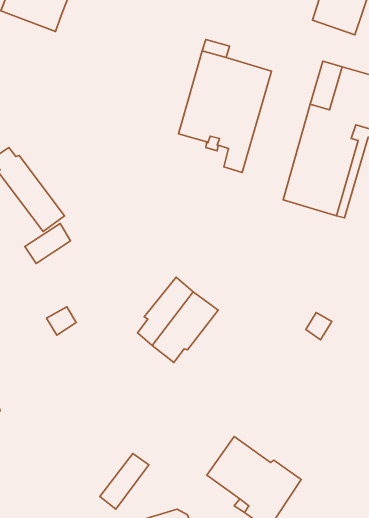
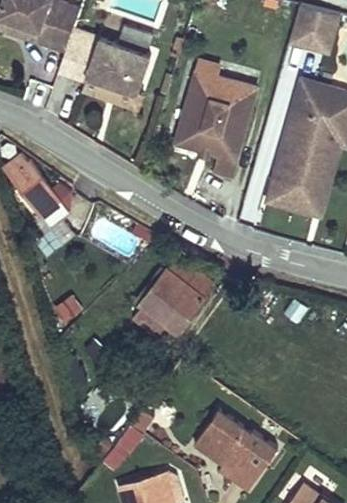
building: none -> [56,37,149,95]

